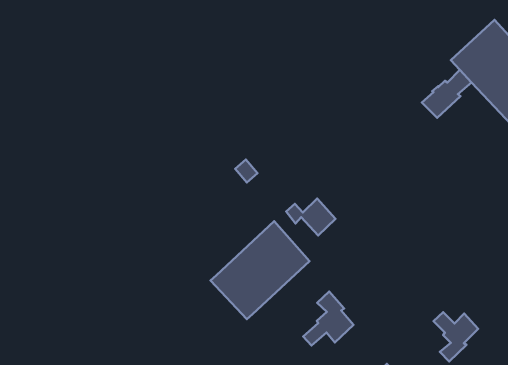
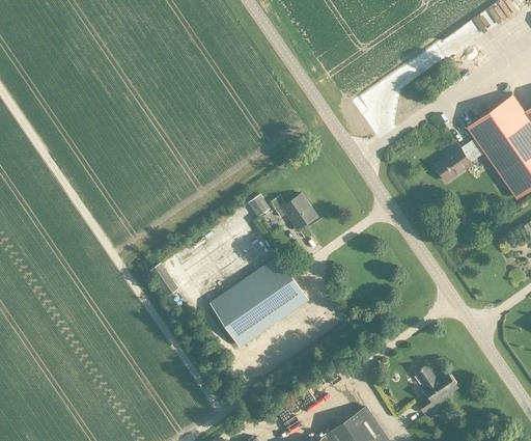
building: [286,198,335,236] -> [271,193,316,228]
building: [303,292,354,346] -> none

